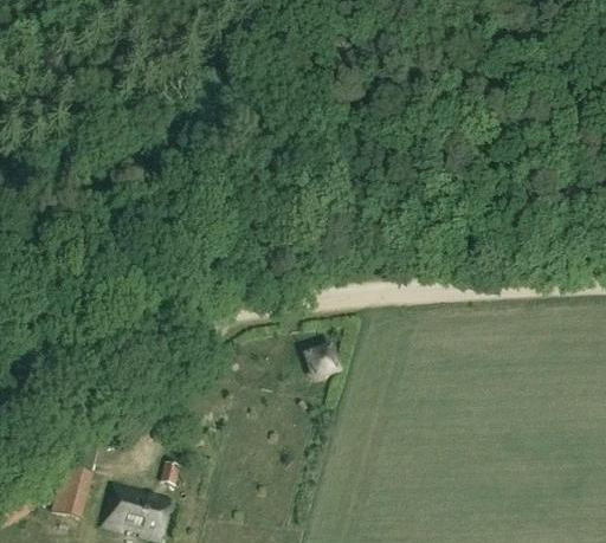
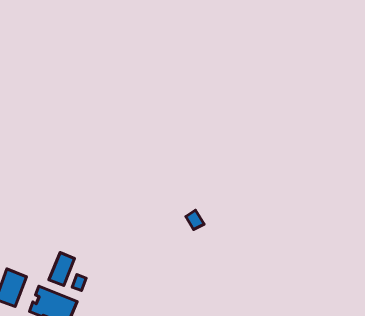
building: none -> [49,252,75,285]

